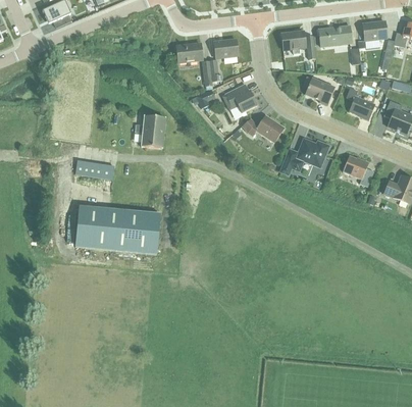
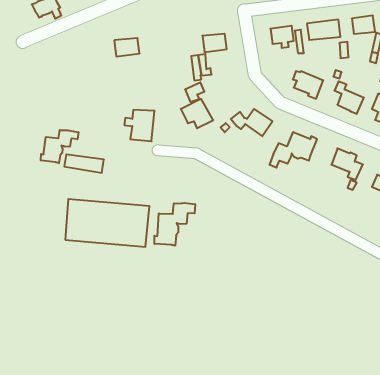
building: [176,43,202,61] -> [114,38,140,56]
building: [224,83,257,112] -> [181,99,213,128]
building: none -> [41,130,78,163]
building: none -> [154,203,195,246]

